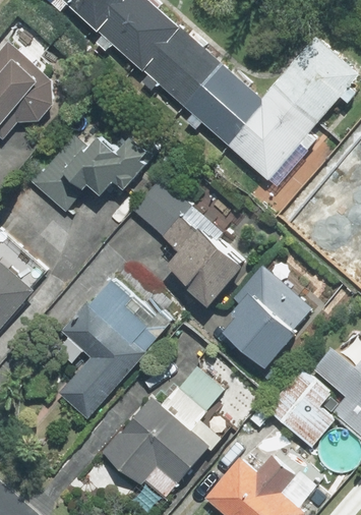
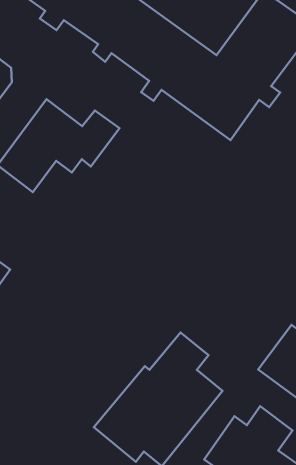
building: [131,178,249,305] -> none
building: [227,267,311,365] -> none
building: [55,277,174,419] -> none

